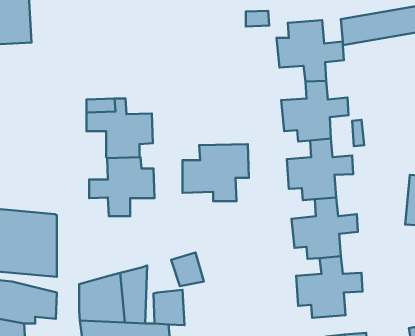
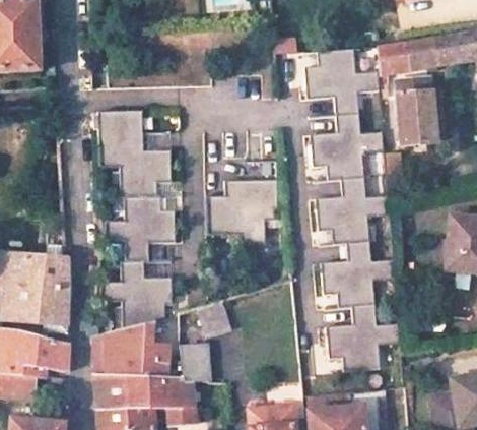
building: none -> [398,81,436,147]
building: none -> [99,109,143,133]
building: none -> [103,260,175,325]

